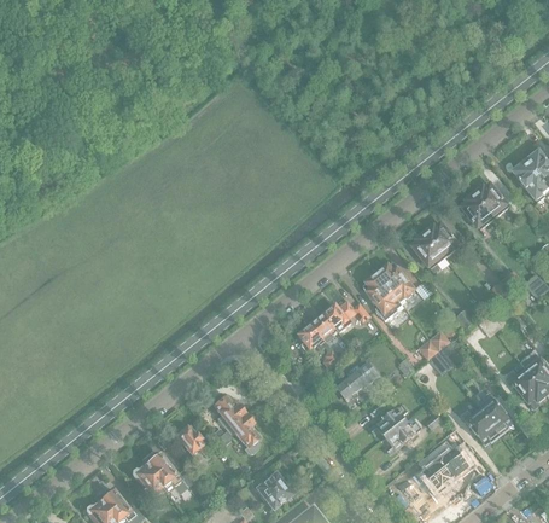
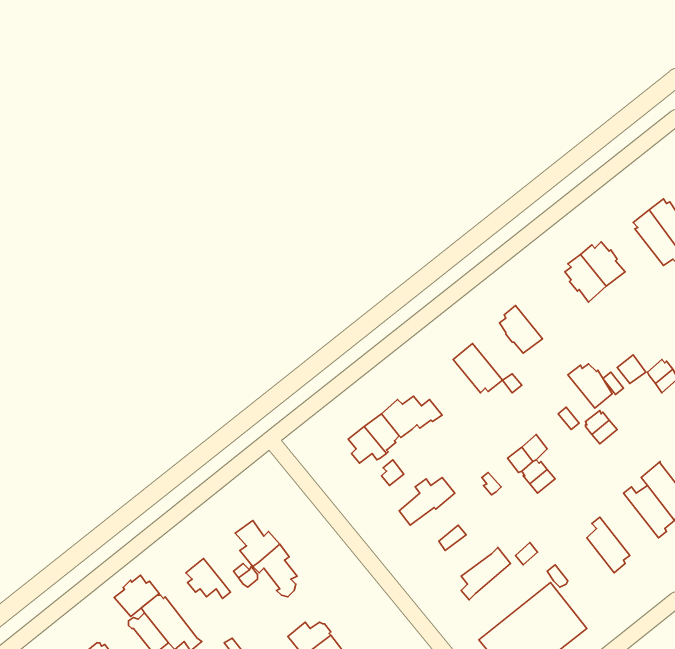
building: [425,223,459,257] -> [568,364,612,408]
building: [362,273,402,320] -> none
building: [368,403,407,437] -> none
building: [461,408,500,443] -> none
building: none -> [114,575,159,617]

